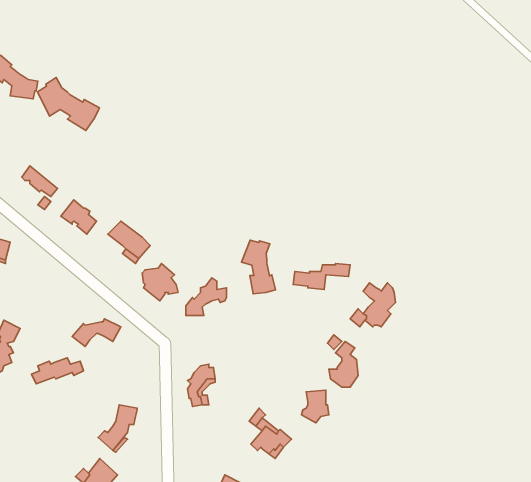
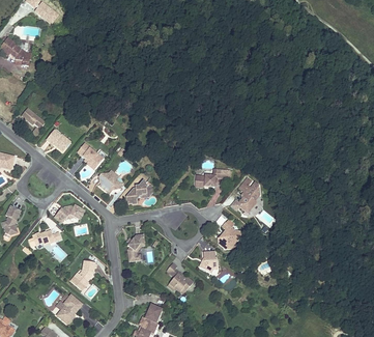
building: [38,78,100,130] -> none
building: [242,240,275,294] -> none

